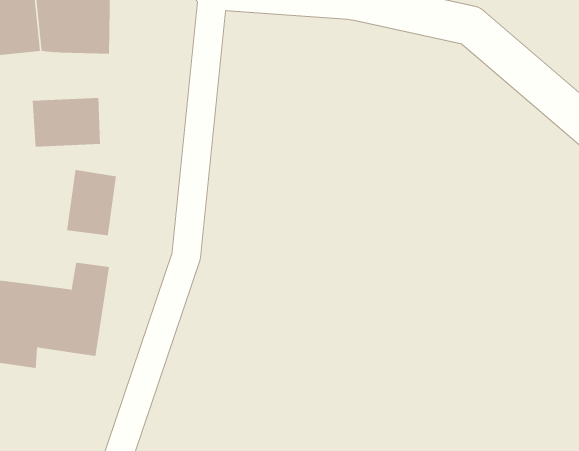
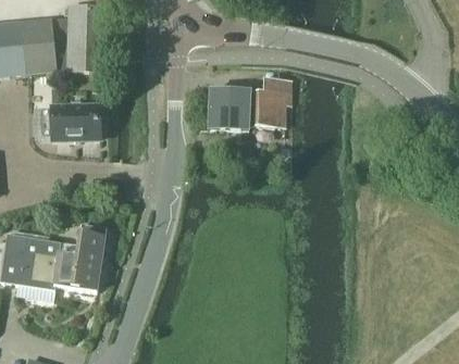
building: none -> [211,77,294,128]
building: [67,169,117,236] -> none

